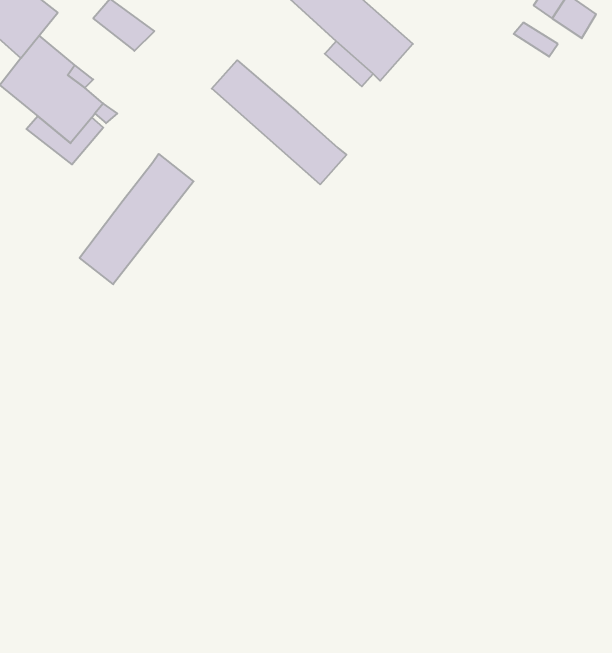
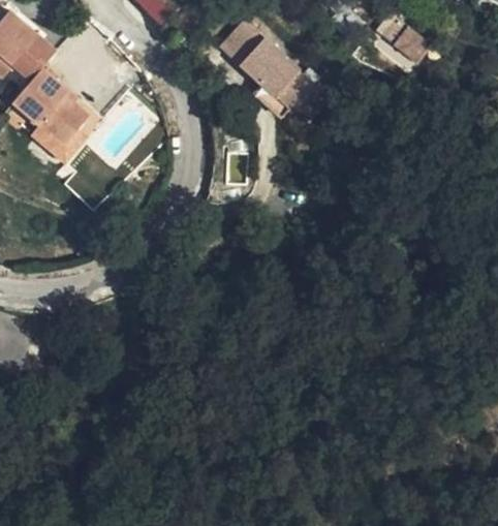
building: [212,60,346,184] -> none
building: [80,154,194,284] -> none

